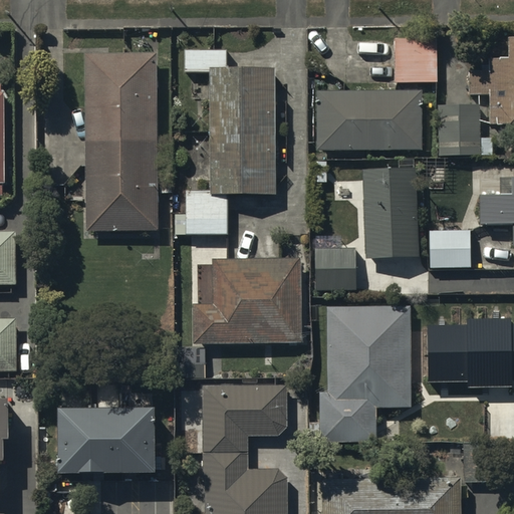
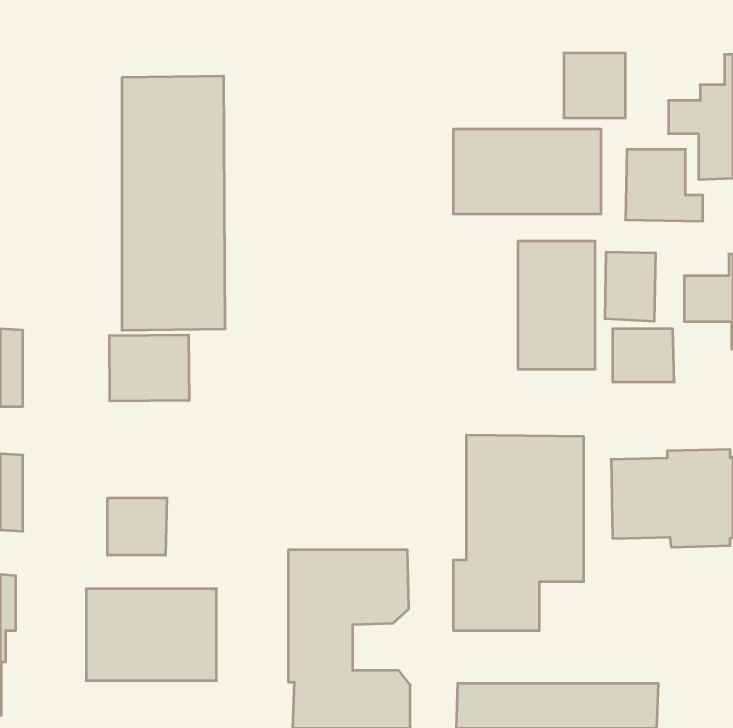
building: [184,49,275,234] -> none
building: none -> [605,252,655,321]
building: none -> [109,335,189,401]
building: [314,235,354,292] -> none
building: [193,257,299,343] -> none
building: none -> [108,498,167,555]

